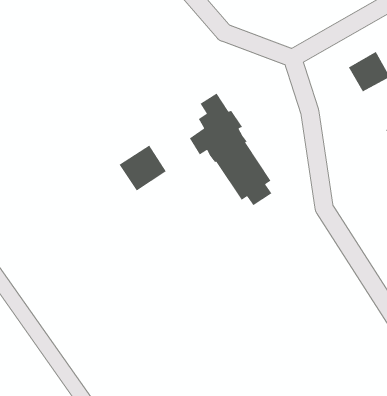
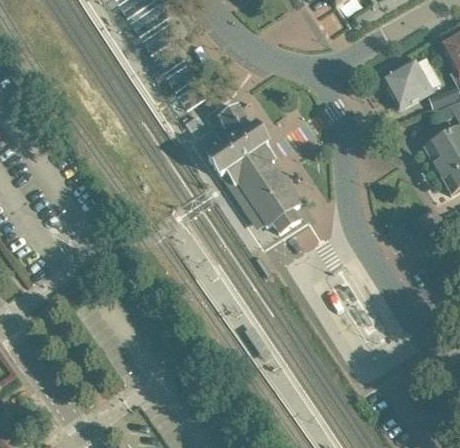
building: [118,145,167,192] -> none

